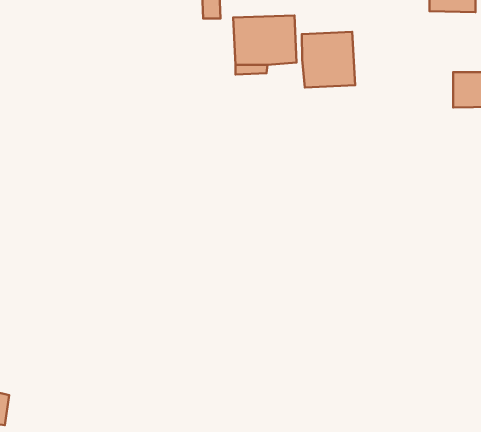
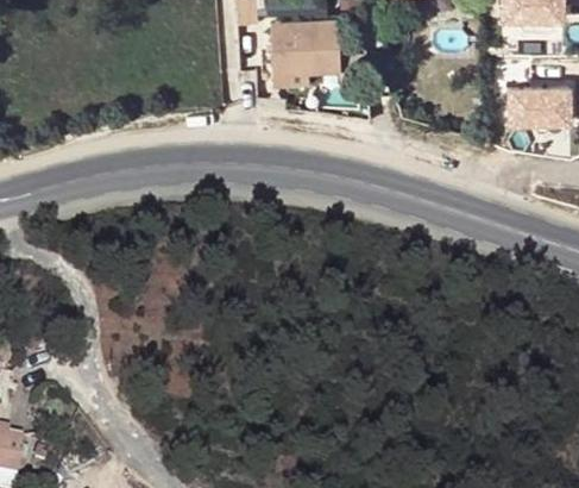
building: [302,32,355,88] -> none

